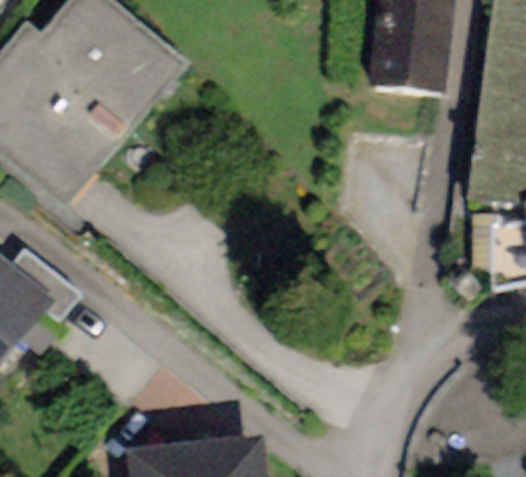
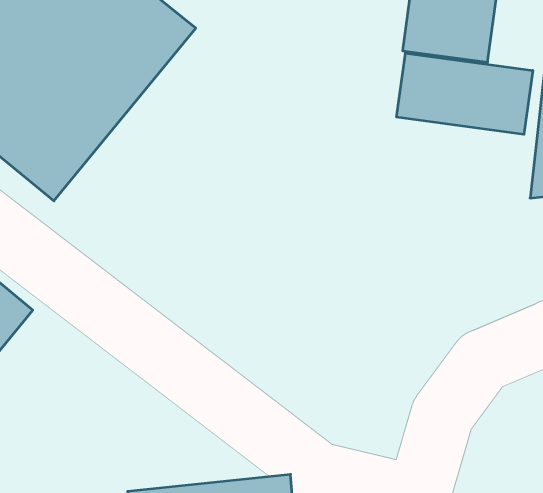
building: none -> [397,53,533,134]

